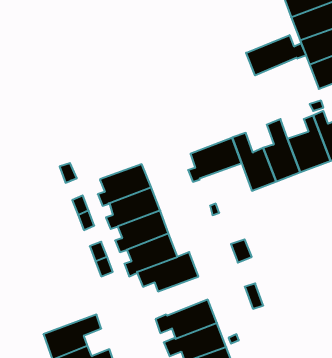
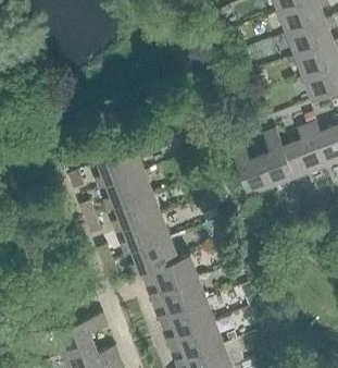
building: [246,35,306,75] -> none
building: [188,138,241,182] -> [95,148,145,189]
building: none -> [149,278,206,315]

